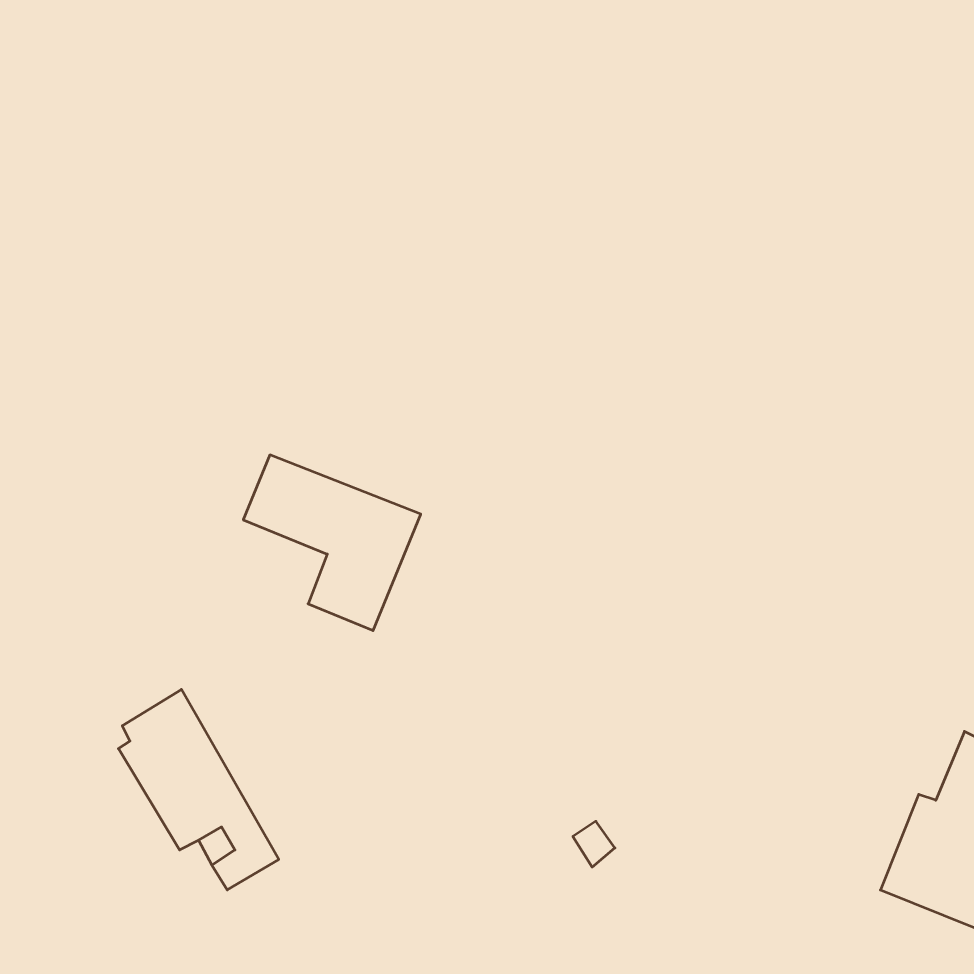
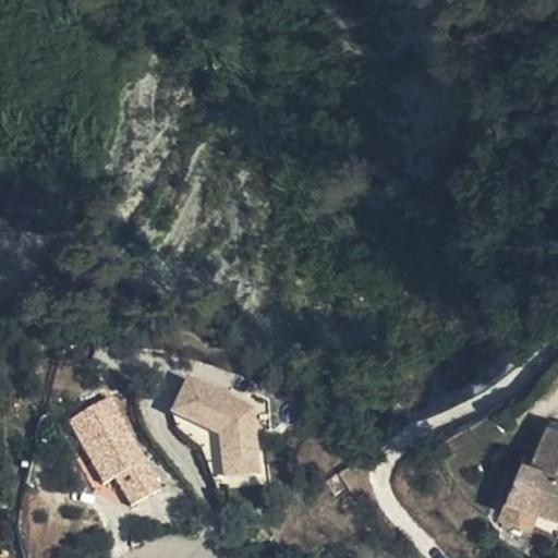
building: [243,455,421,631] -> [170,376,271,476]

